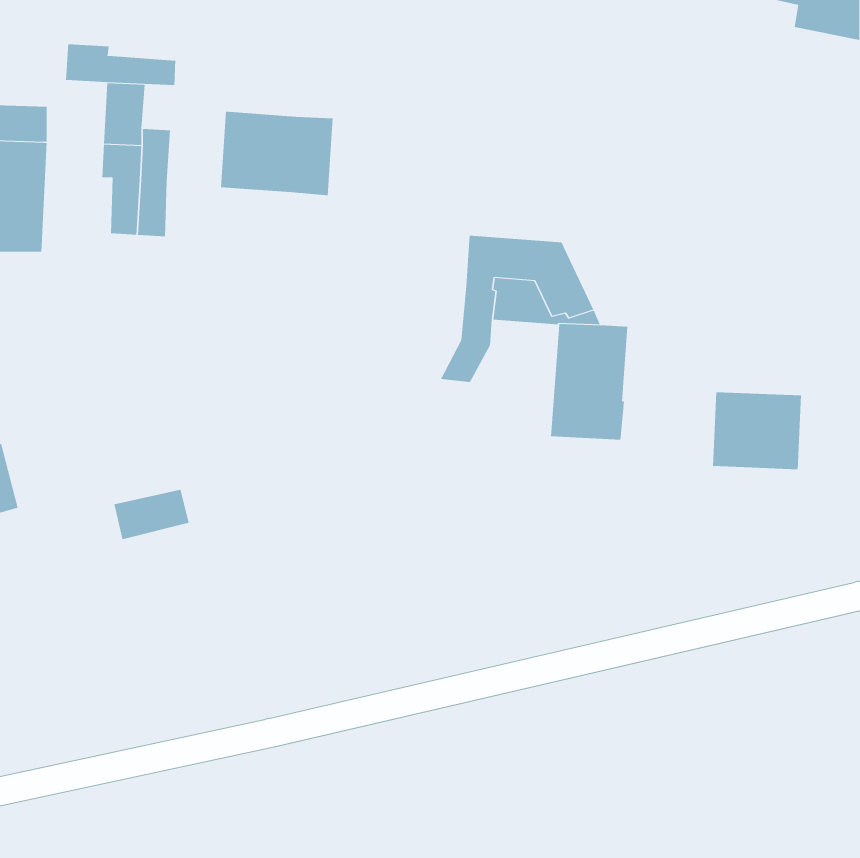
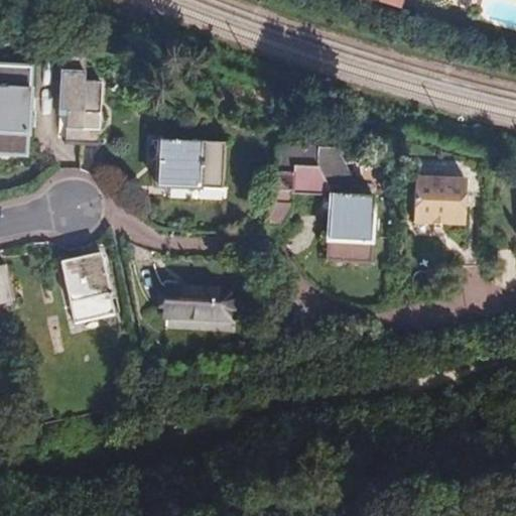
building: [66,43,176,86] -> none
building: [220,111,333,196] -> [157,137,225,187]
building: [712,392,802,470] -> [412,179,466,226]
building: none -> [58,252,108,300]
building: none -> [168,284,235,316]

